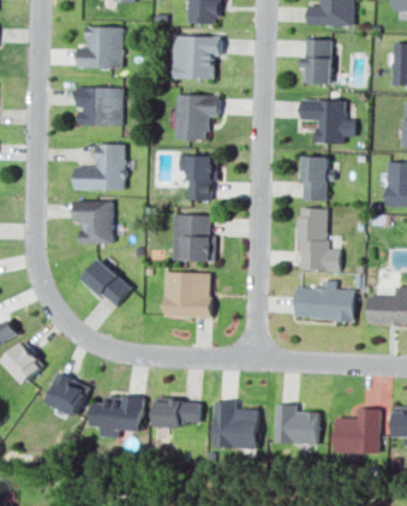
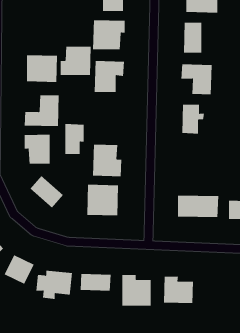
building: [77,26,122,69] -> [60,46,92,75]
building: [187,156,216,201] -> [65,124,85,155]
building: [297,208,339,272] -> none
building: [334,409,379,454] -> none

